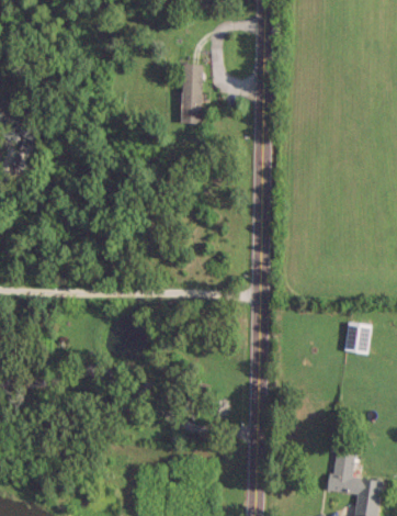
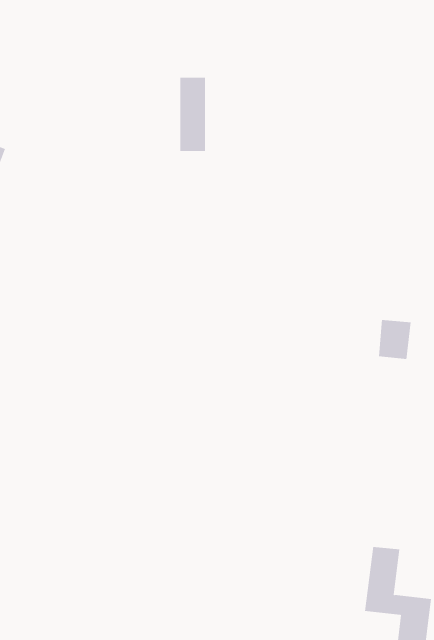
building: [345,322,372,354] -> [378,319,411,359]

